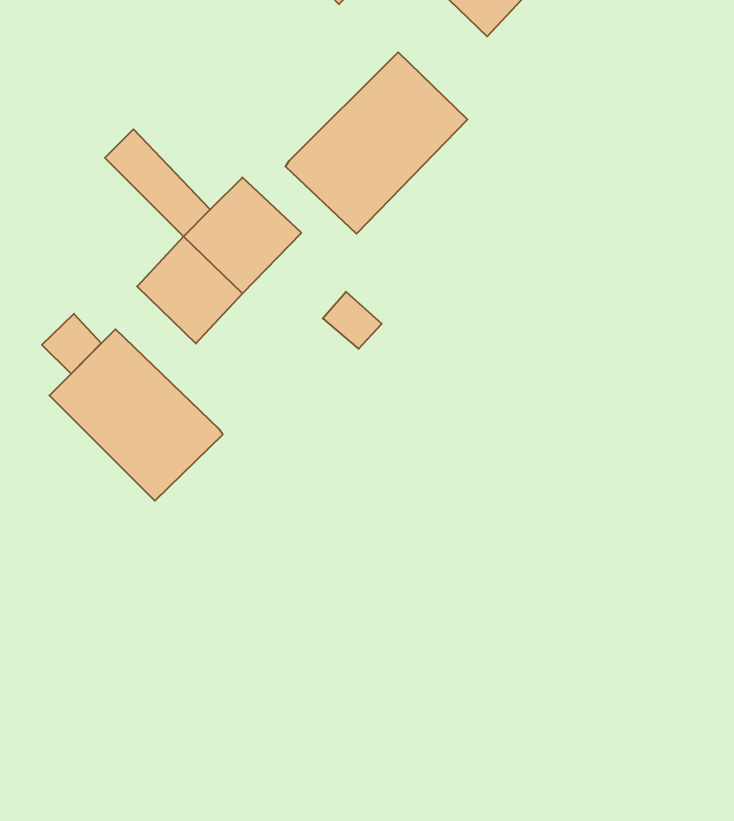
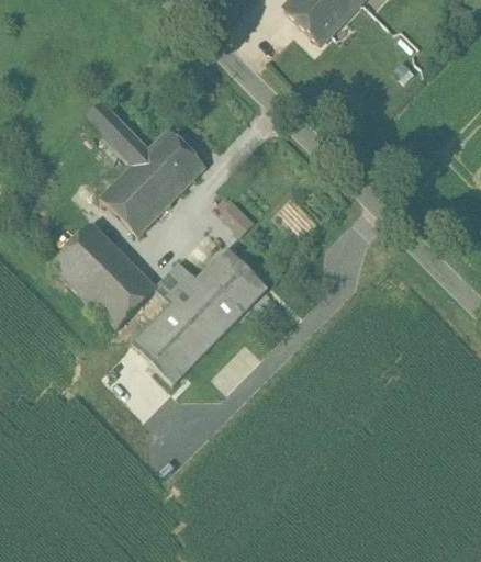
building: [285,52,467,234] -> none
building: [42,314,101,374] -> none
building: none -> [132,246,267,382]

